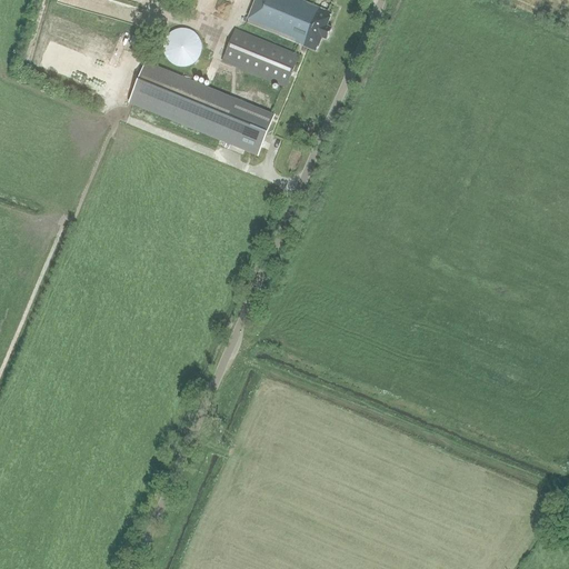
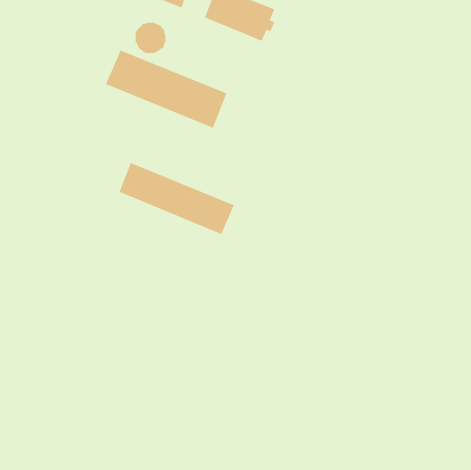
building: [221,28,299,86] -> none
building: none -> [119,162,235,235]

